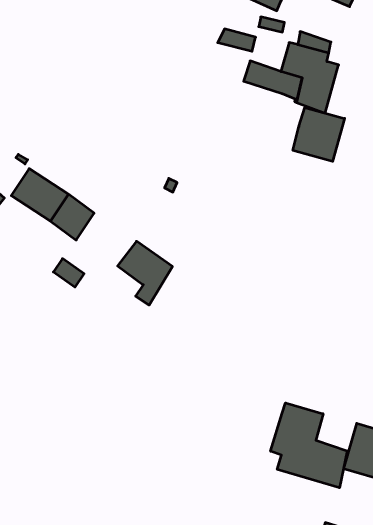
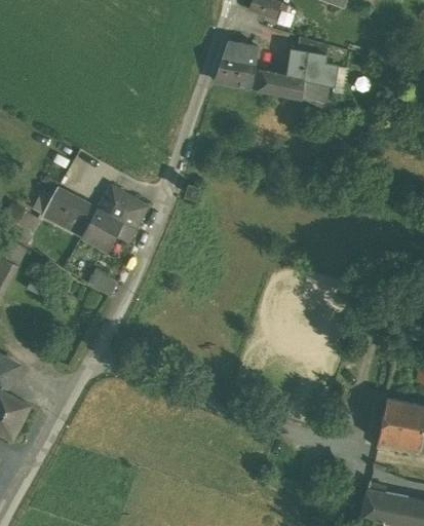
building: none -> [213,53,255,86]
building: [293,107,345,161] -> none
building: [118,241,172,305] -> [95,184,147,242]
building: [271,403,347,488] -> none

